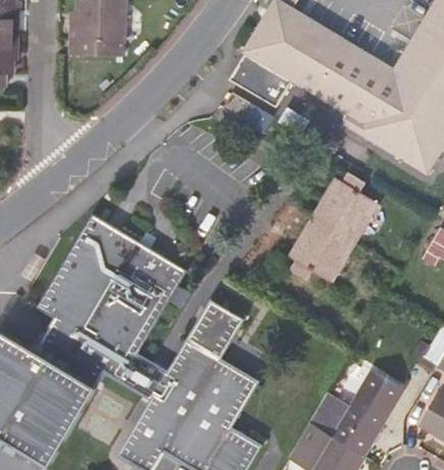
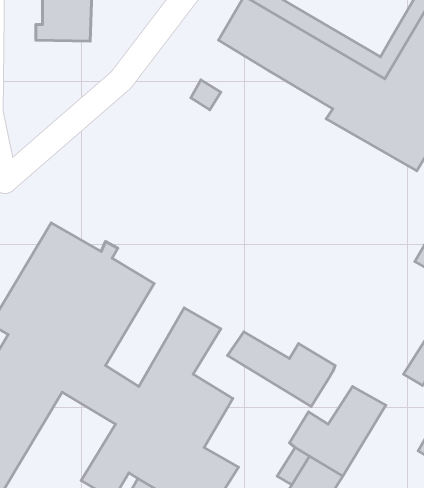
building: [229,53,290,106] -> none
building: [289,175,375,282] -> none
building: none -> [228,332,335,406]

